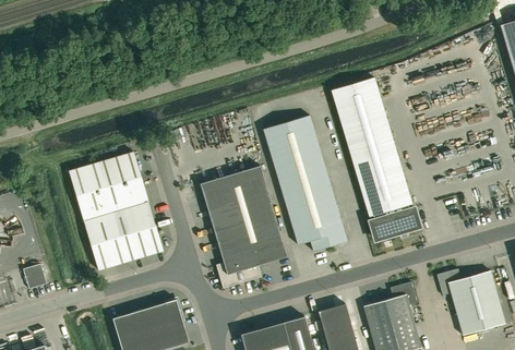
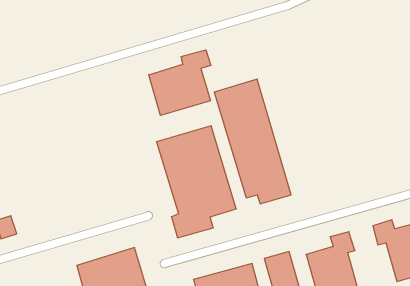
building: [331,77,418,239] -> none
building: none -> [149,50,211,115]
building: [69,152,163,269] -> none

